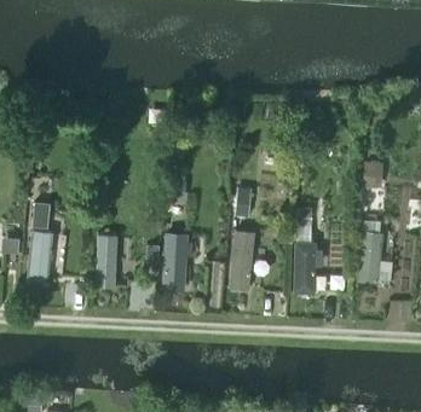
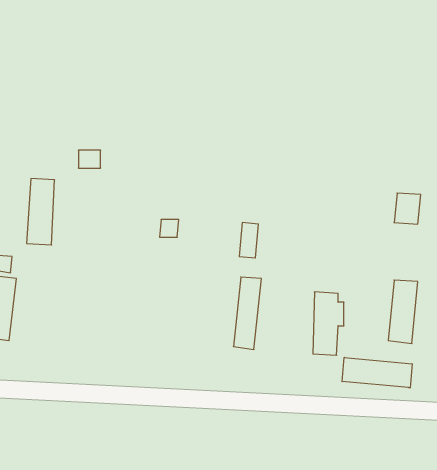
building: [163,233,191,292] -> none
building: [93,234,116,289] -> [27,179,55,245]
building: none -> [342,357,412,388]

